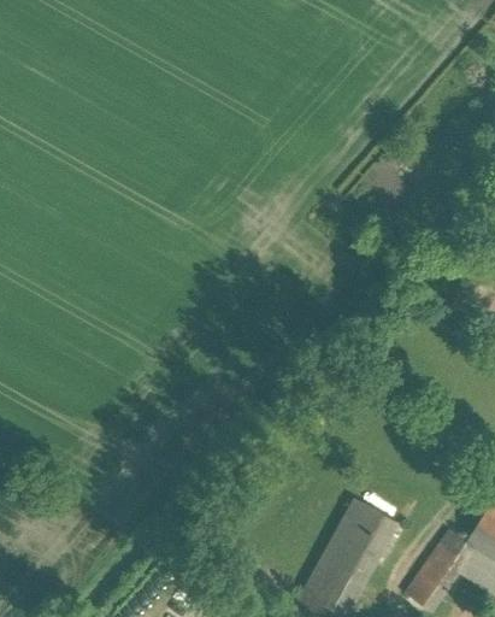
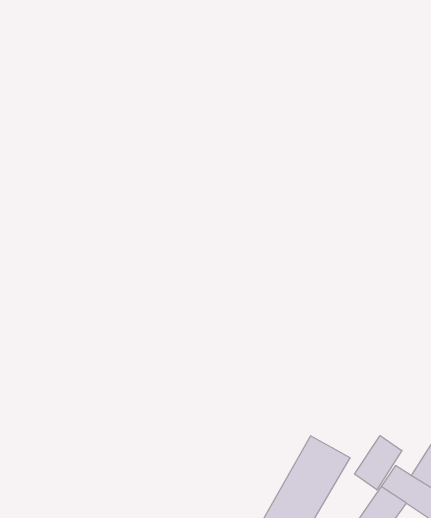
building: none -> [355,436,402,490]

